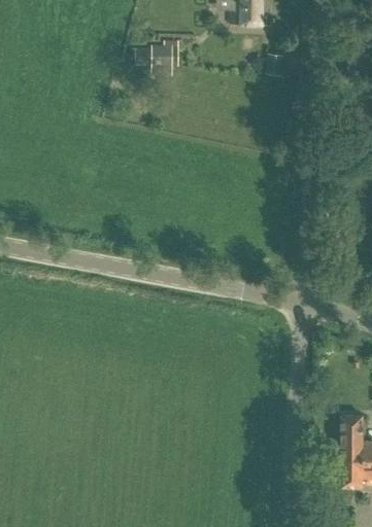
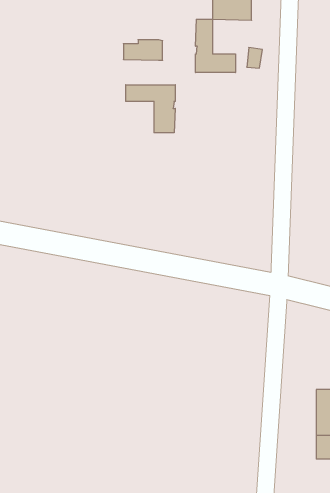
building: none -> [196,19,235,73]
building: none -> [126,85,175,133]

